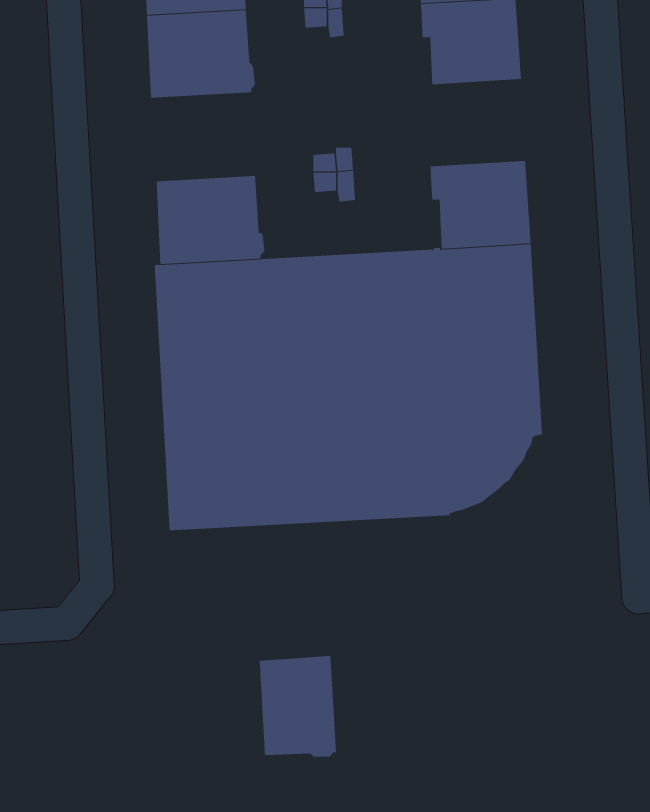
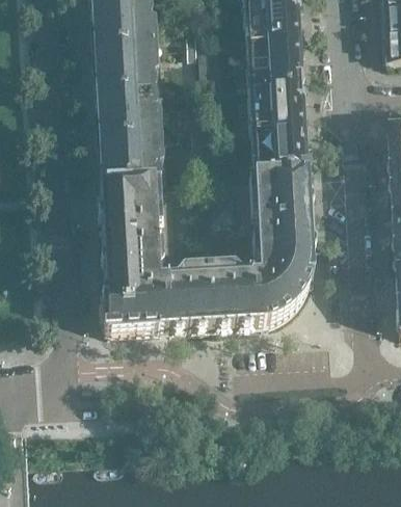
building: none -> [250,80,304,128]
building: none -> [98,87,157,136]
building: [259,655,336,757] -> none

